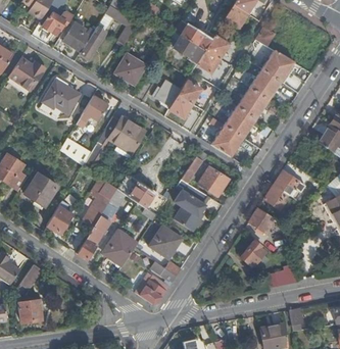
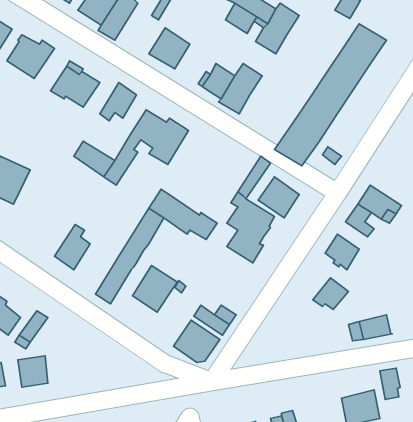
building: [26,172,58,206] -> none
building: [84,172,116,223] -> none
building: [150,225,183,256] -> none

